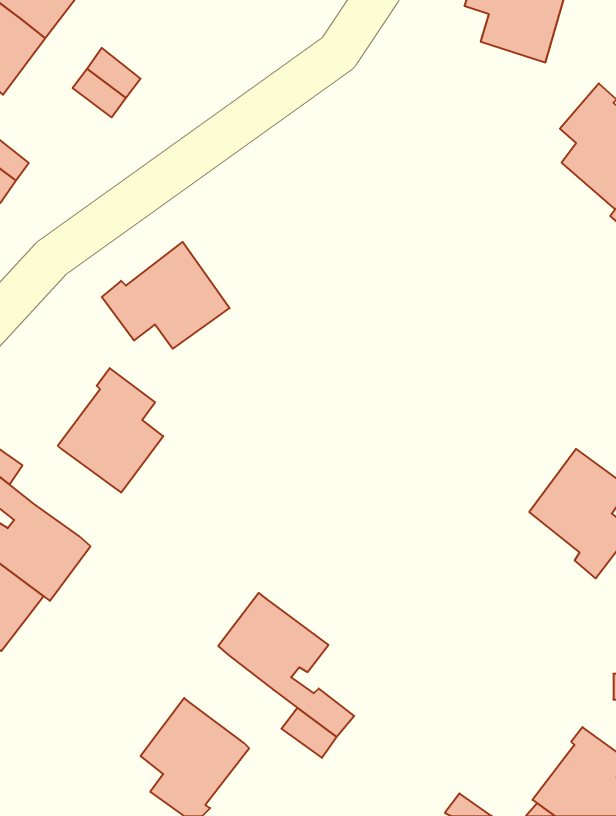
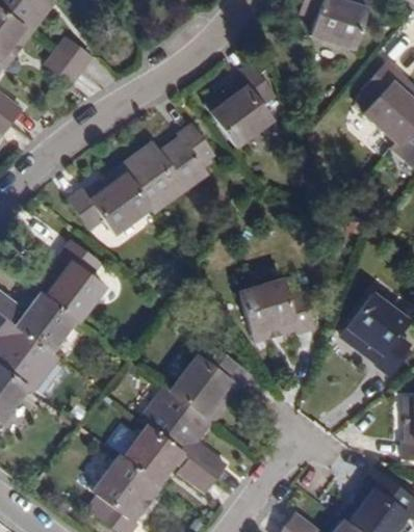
building: none -> [202,77,285,145]
building: none -> [119,122,209,205]
building: none -> [237,281,311,342]
building: none -> [22,295,75,351]
building: none -> [172,352,251,421]
building: none -> [125,428,177,484]

